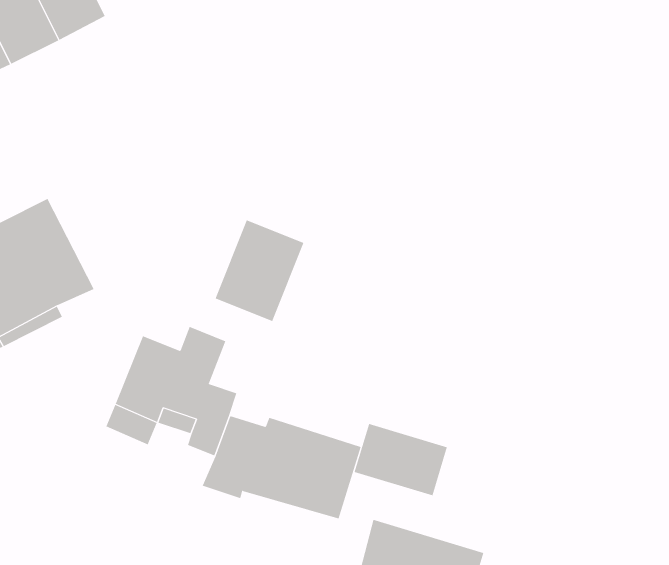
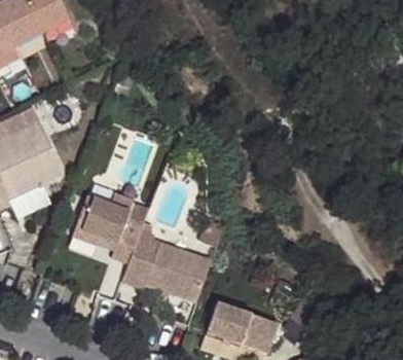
building: [215,220,304,322] -> none
building: [354,423,448,496] -> none

